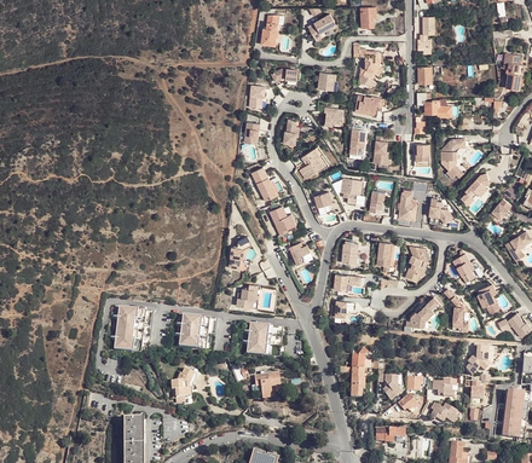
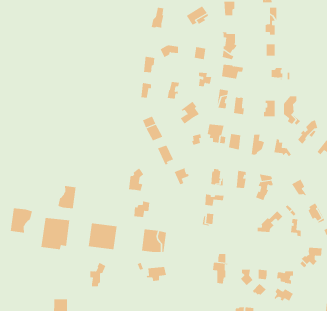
building: none -> [58,185,76,209]
building: none -> [10,207,32,233]

